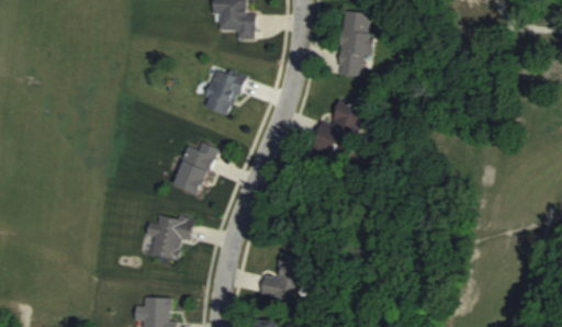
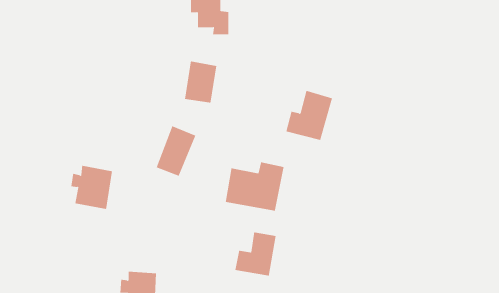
building: [338,11,373,76] -> none
building: none -> [225,161,284,211]
building: [145,213,191,261] -> [70,165,113,210]

